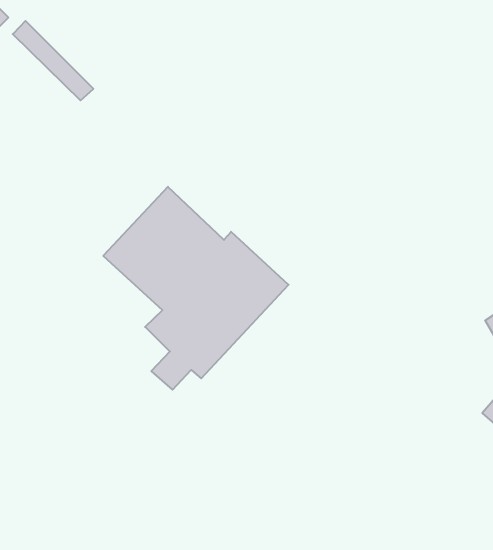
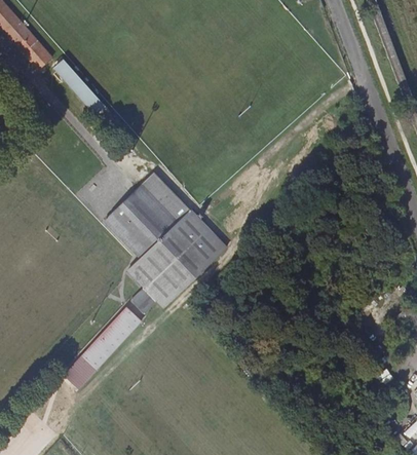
building: none -> [61,306,142,386]

